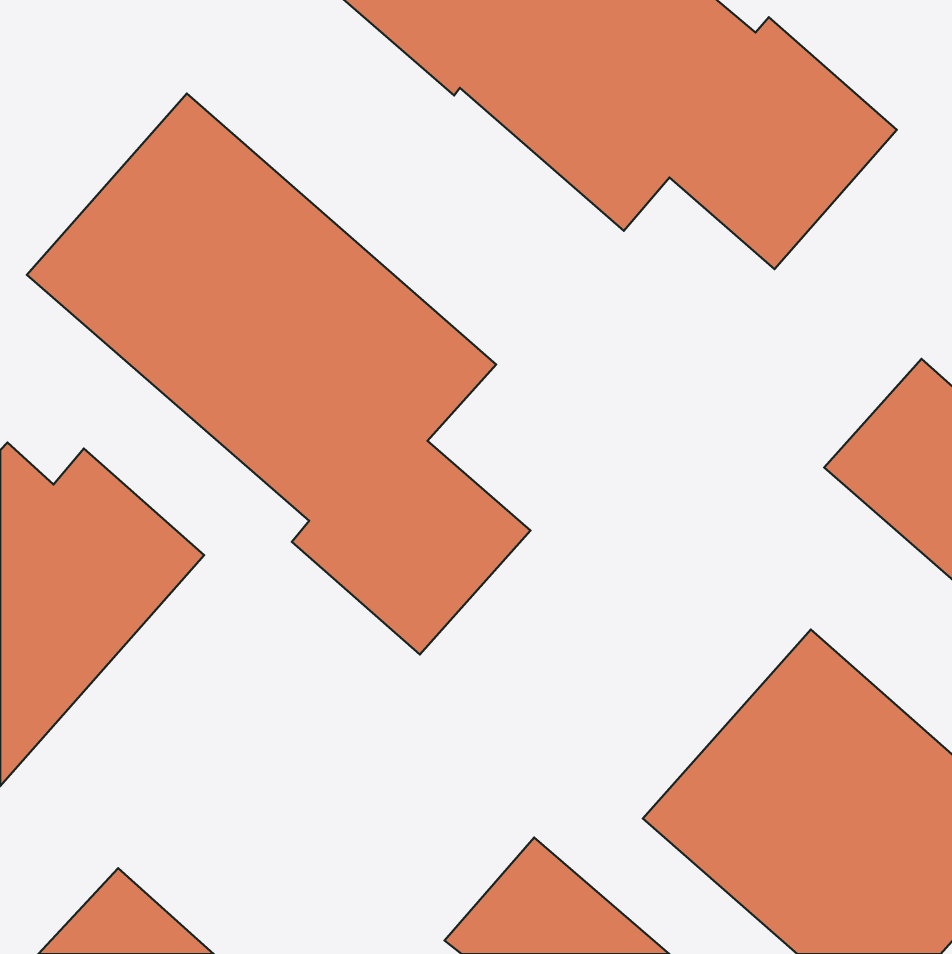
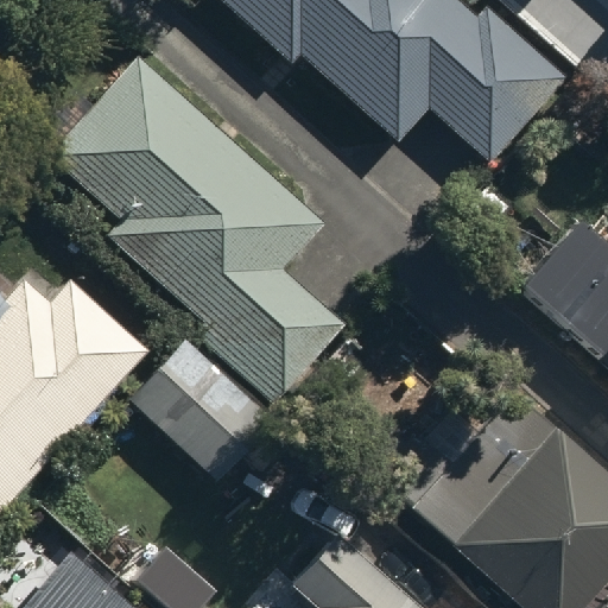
building: none -> [131,340,274,479]

